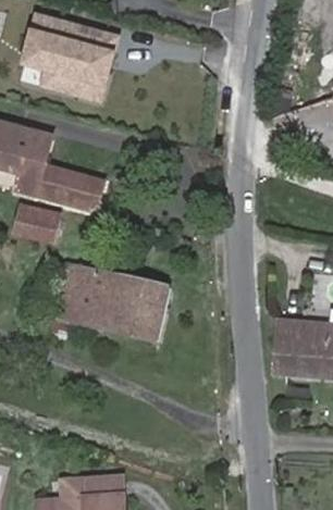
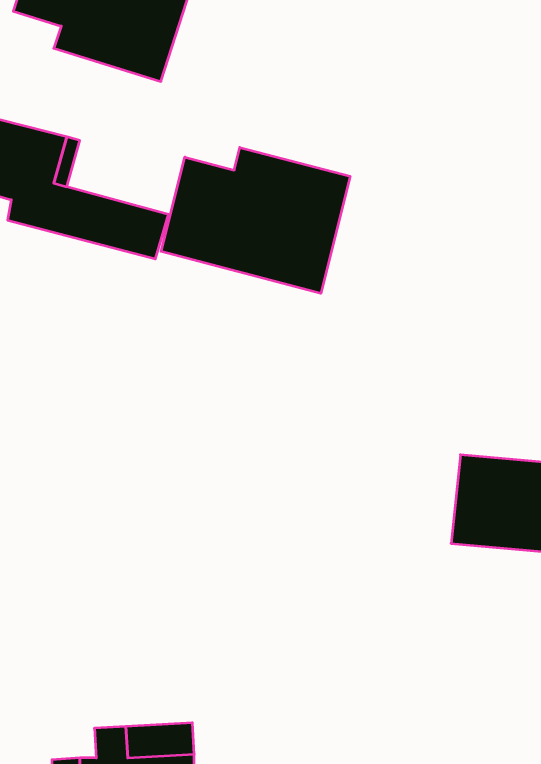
building: none -> [161,147,350,293]
building: [15,206,60,241] -> none
building: [47,266,168,341] -> none

